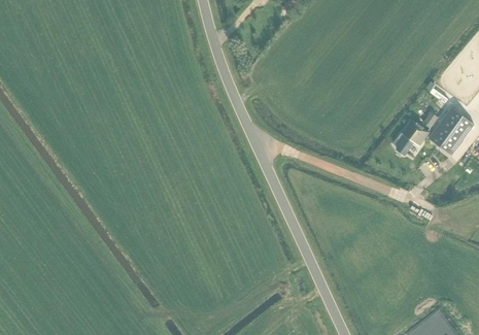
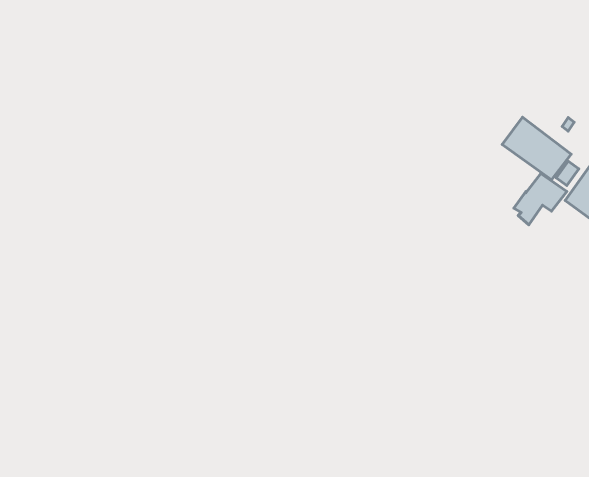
building: none -> [502,117,571,180]

